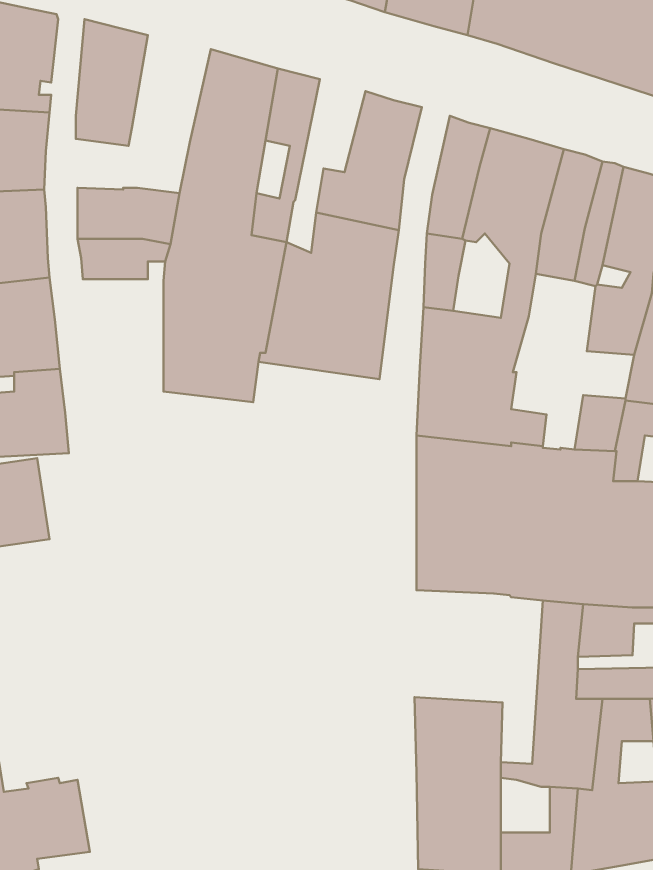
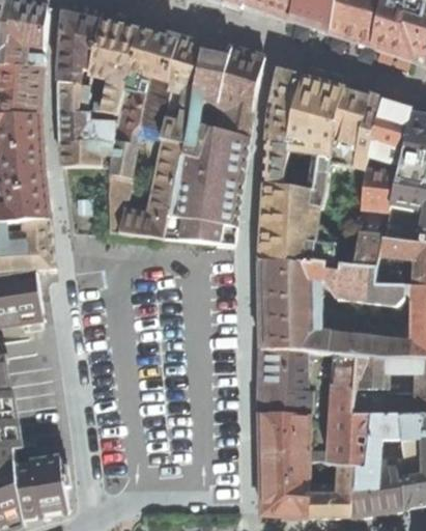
building: none -> [91,21,138,114]
building: none -> [182,47,229,149]
building: none -> [58,82,89,112]
building: none -> [163,214,237,244]
building: none -> [258,348,312,415]

